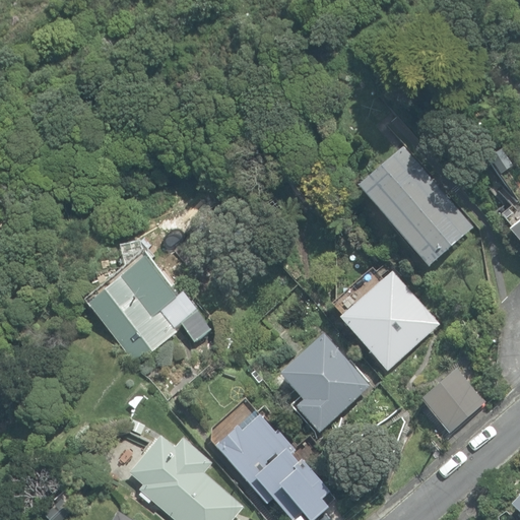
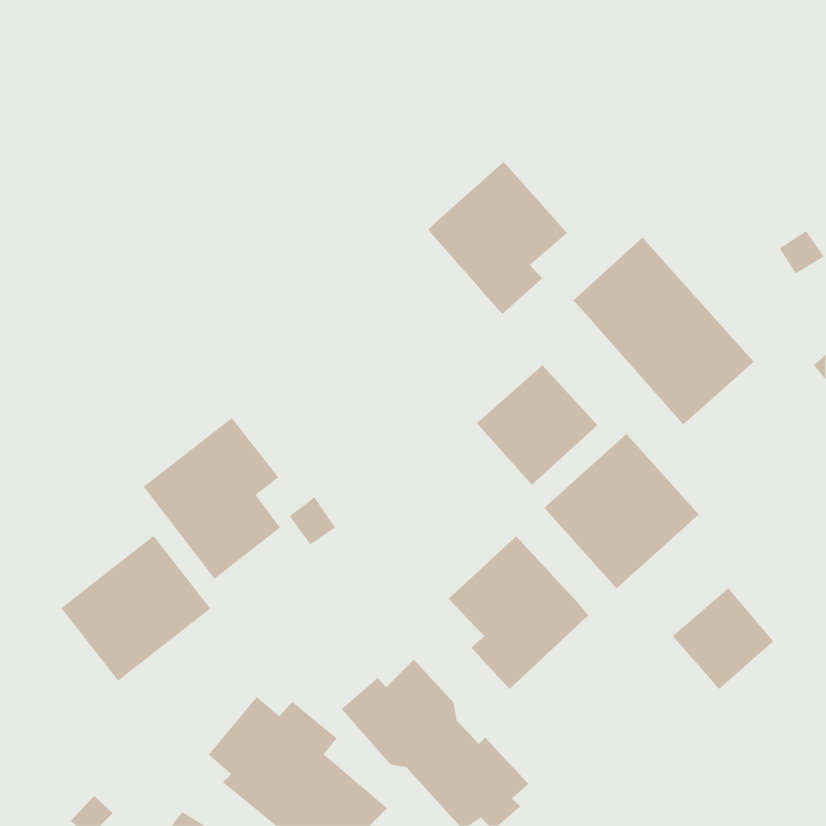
building: none -> [428,161,568,315]
building: none -> [476,365,598,486]
building: none -> [61,535,211,682]

